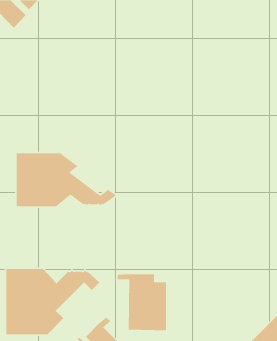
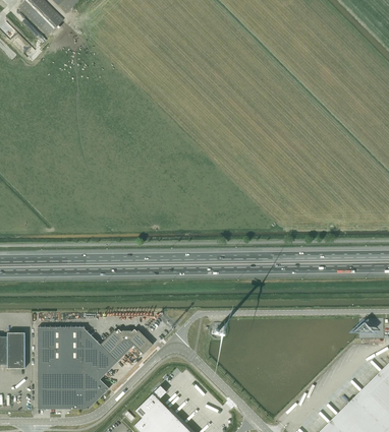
building: [16,153,117,207] -> none
building: [116,274,167,331] -> none

